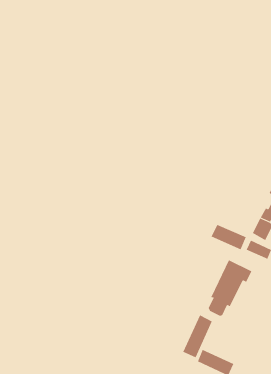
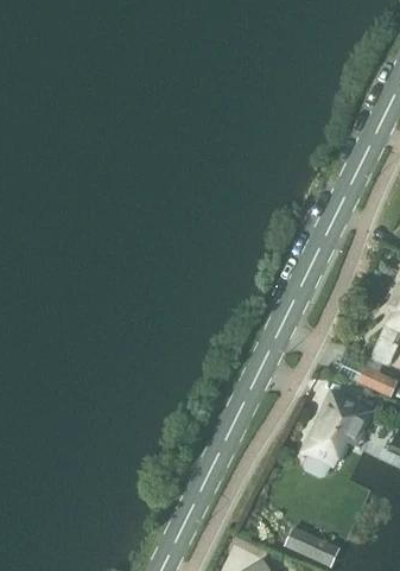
building: [211,224,246,250] -> none
building: [182,314,213,358] -> none

